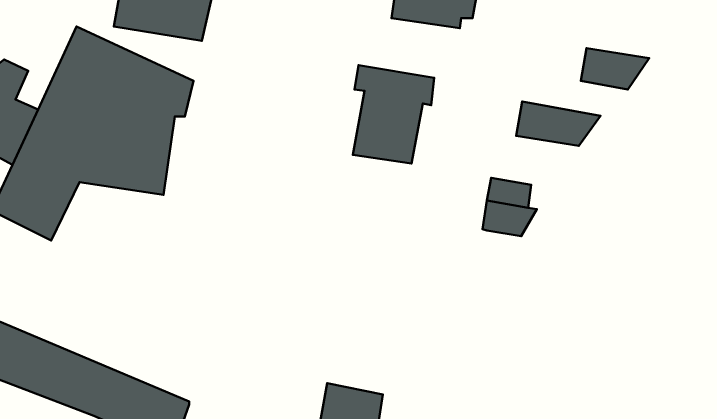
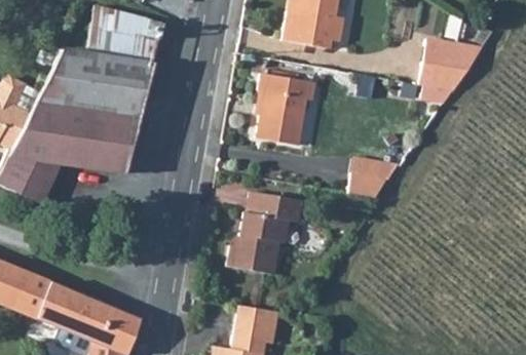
building: none -> [58,45,148,87]
building: [516,102,600,146] -> [425,39,486,71]
building: none -> [229,193,303,277]

